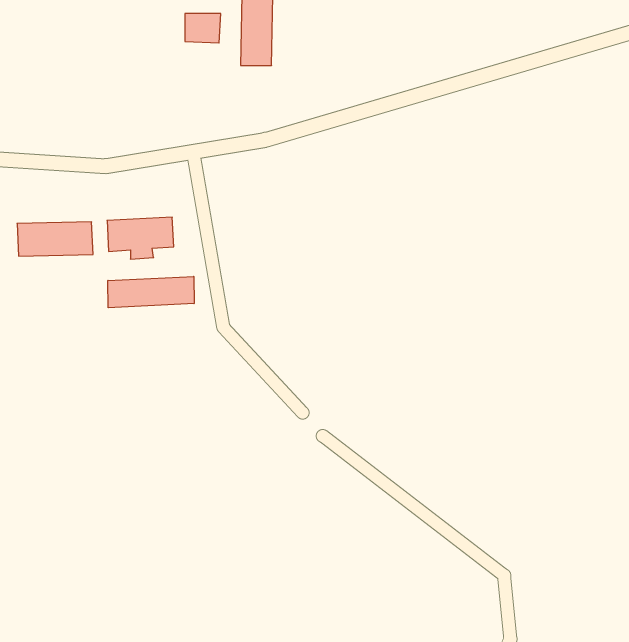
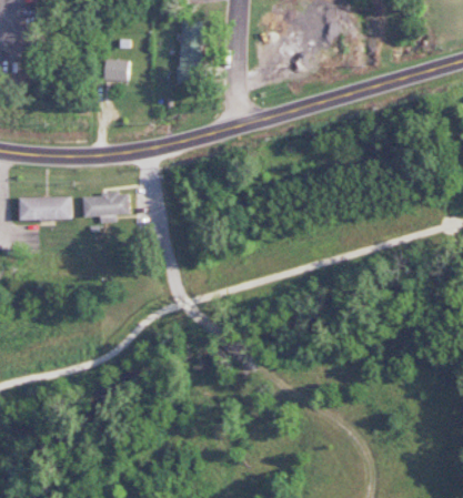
building: [185,14,221,43] -> [102,60,128,81]
building: [108,276,194,308] -> none

